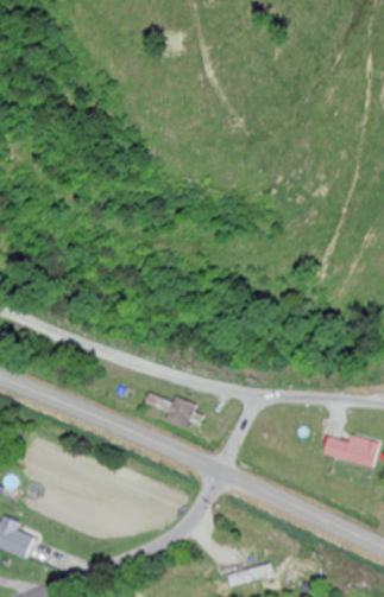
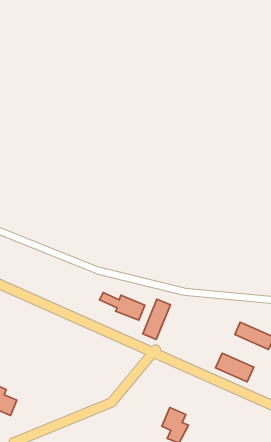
building: none -> [143,299,170,340]
building: none -> [215,353,254,382]

